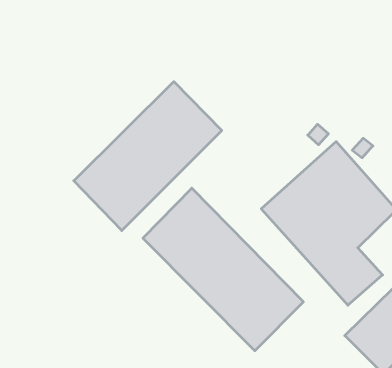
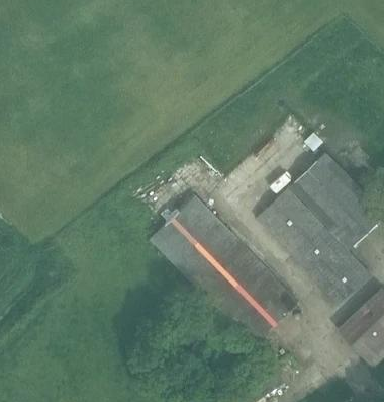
building: [74,82,222,231] -> none

